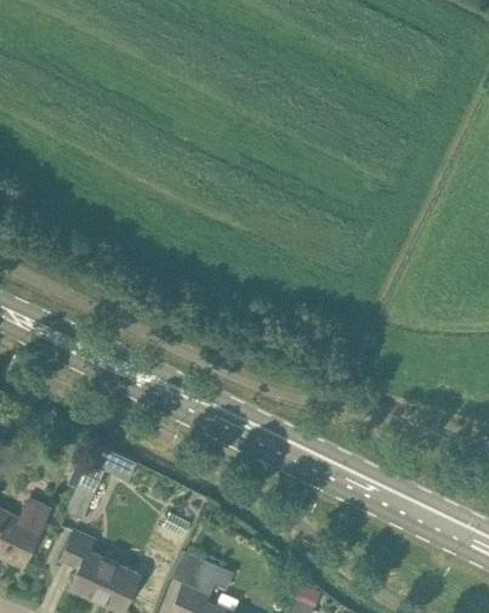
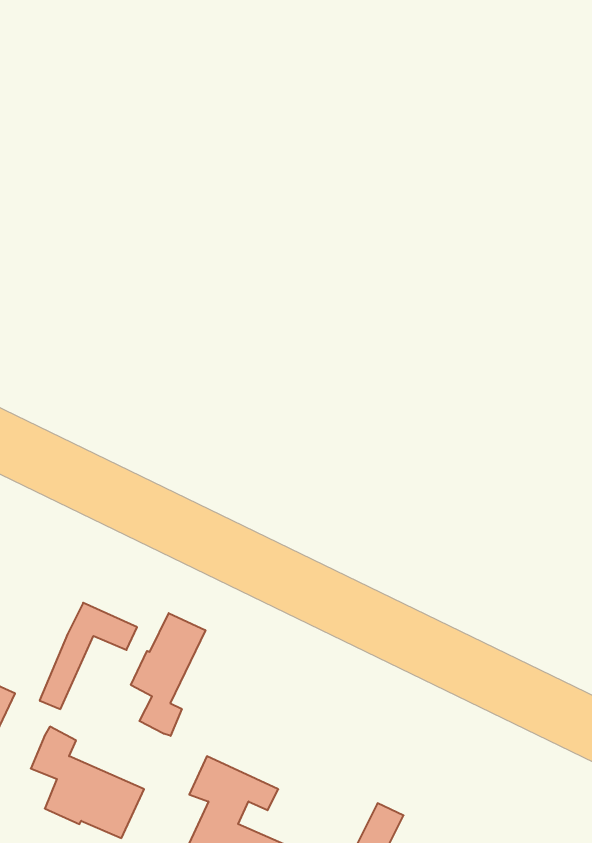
building: none -> [131,613,205,736]

